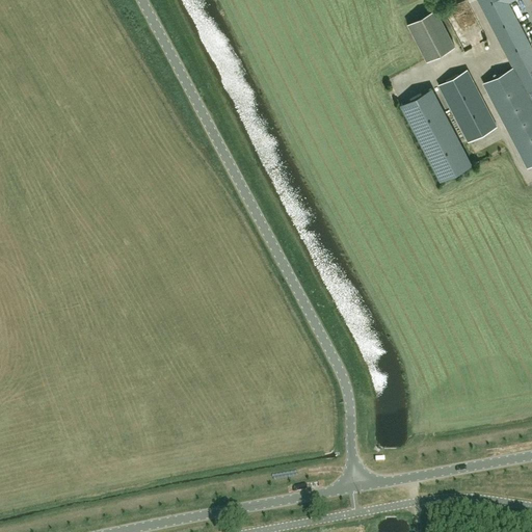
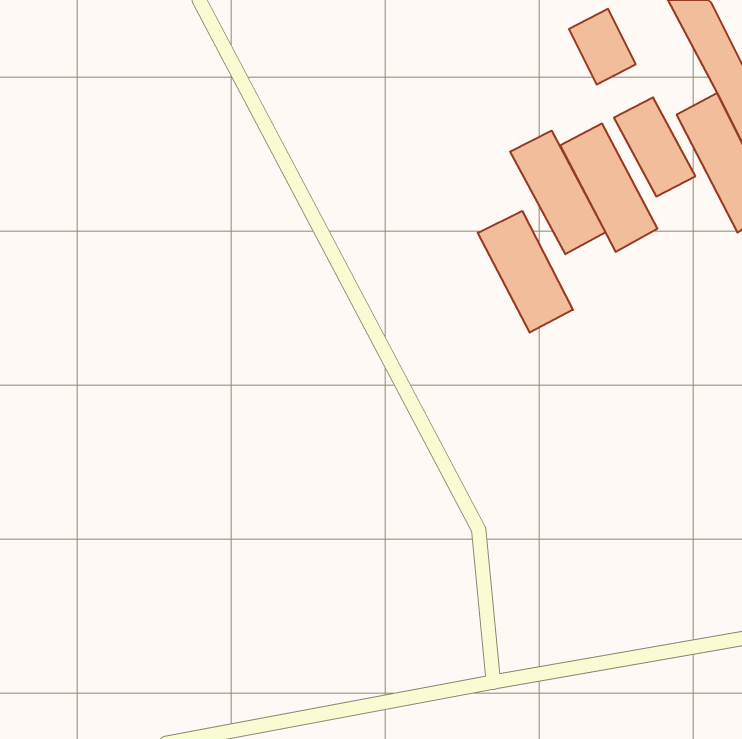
building: none -> [510,131,606,254]
building: none -> [478,211,573,333]

